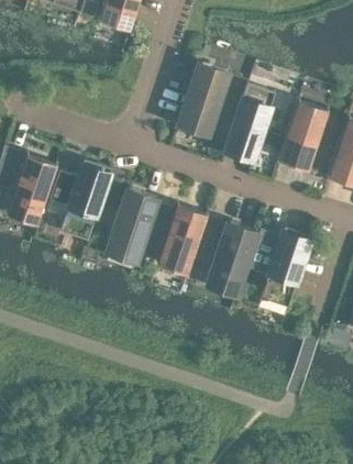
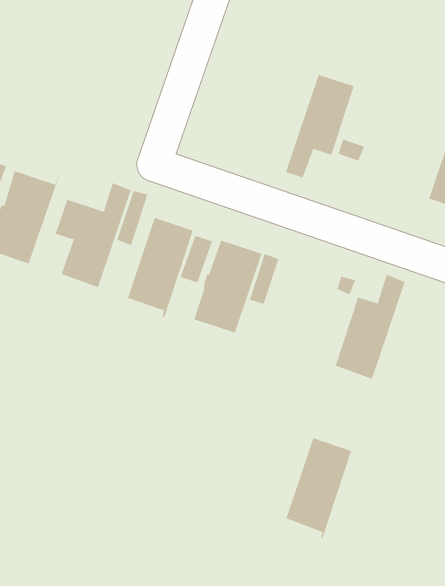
building: [178,63,228,135] -> none
building: [277,95,329,169] -> none
building: [209,222,257,296] -> [286,437,352,538]

